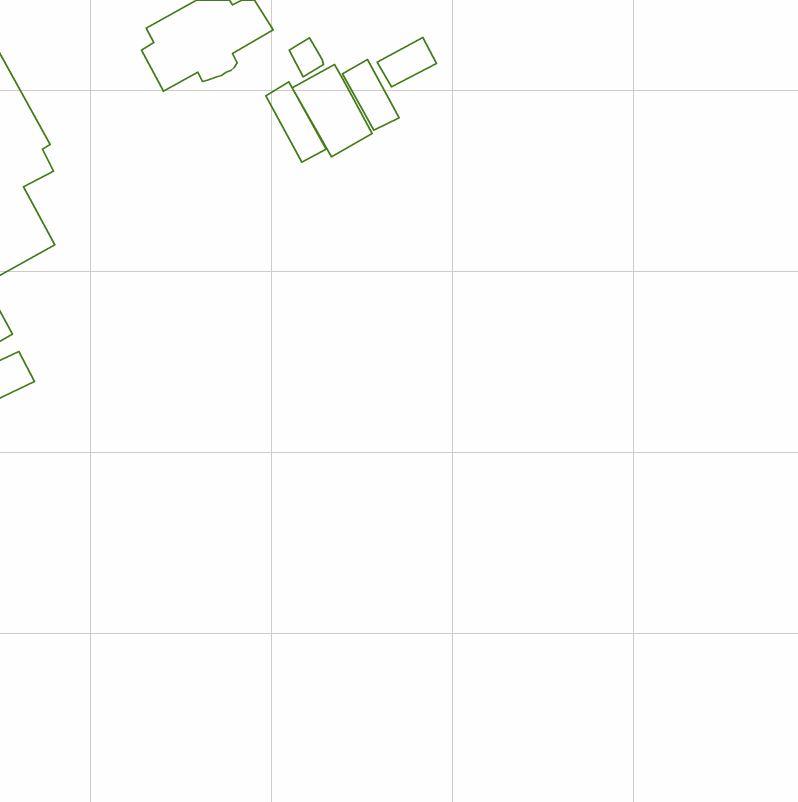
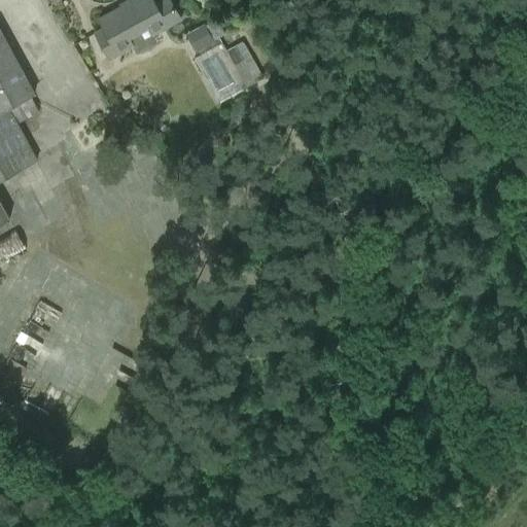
building: [377,38,436,87] -> none
building: [266,82,326,162] -> none

